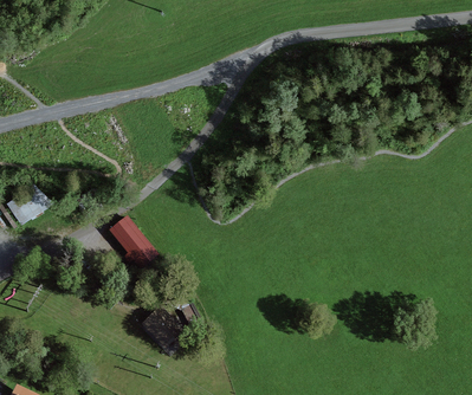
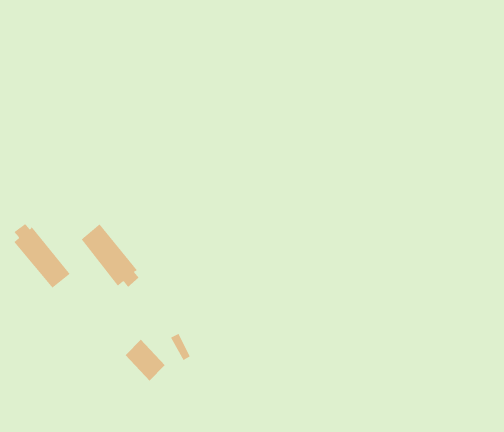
building: none -> [13,223,71,288]

